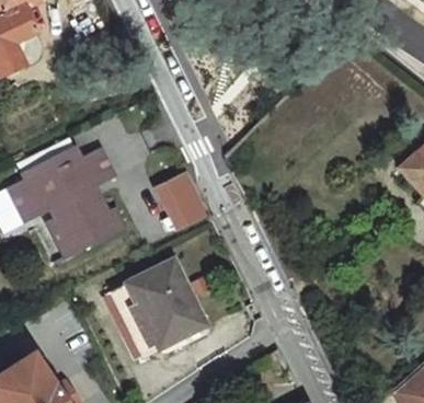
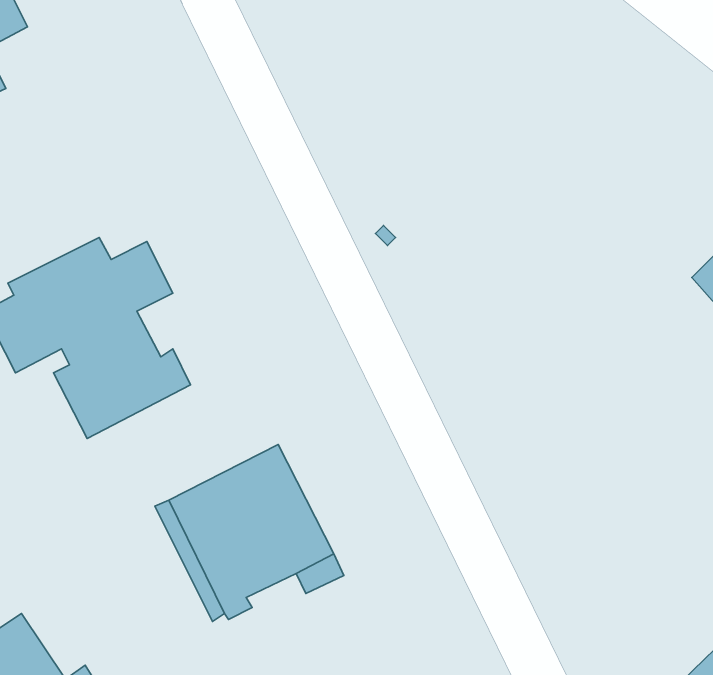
building: [154,170,211,231] -> none

